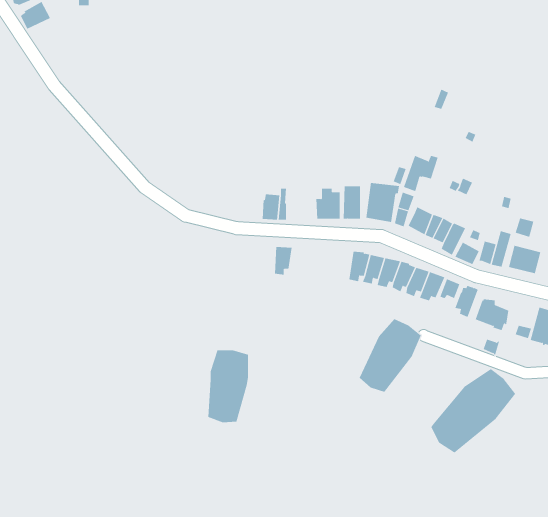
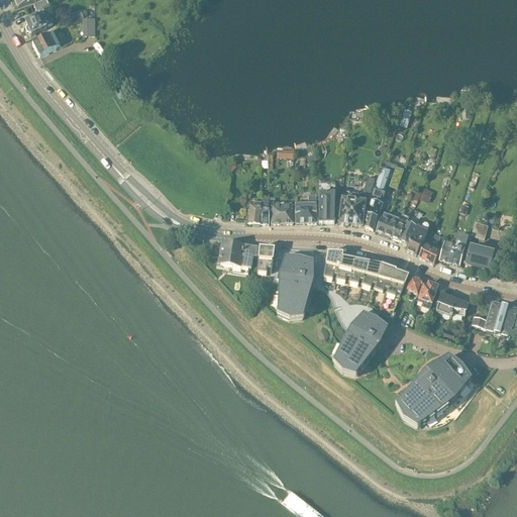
building: none -> [270,203,293,221]
building: none -> [219,240,256,269]
building: [208,350,249,423] -> [277,252,313,317]

